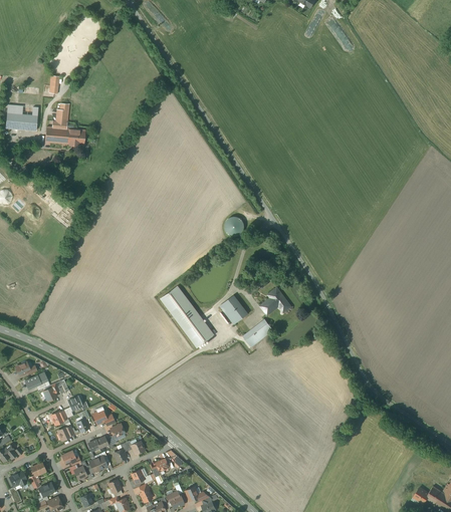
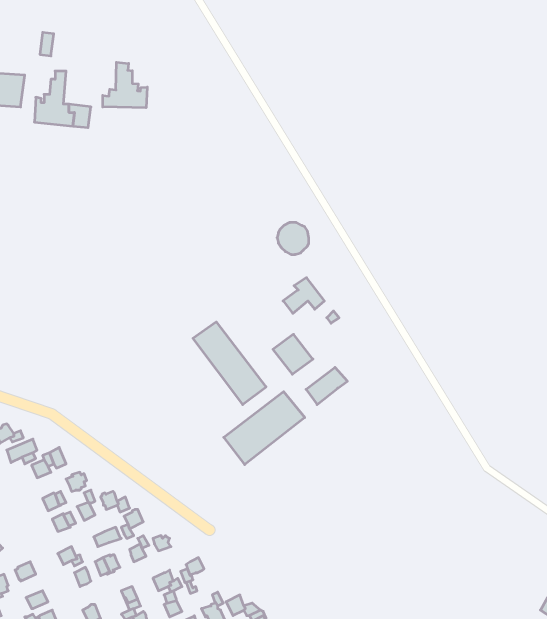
building: none -> [103,62,147,108]
building: [260,289,290,315] -> [283,278,324,313]
building: none -> [224,392,305,465]

